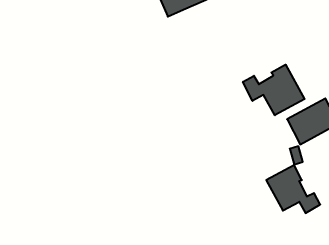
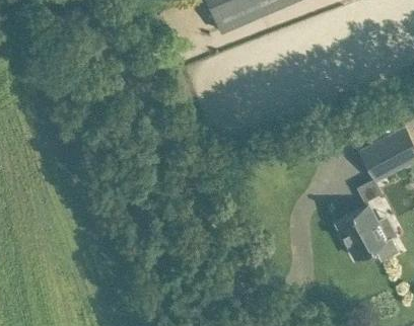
building: [243,65,305,115] -> none

